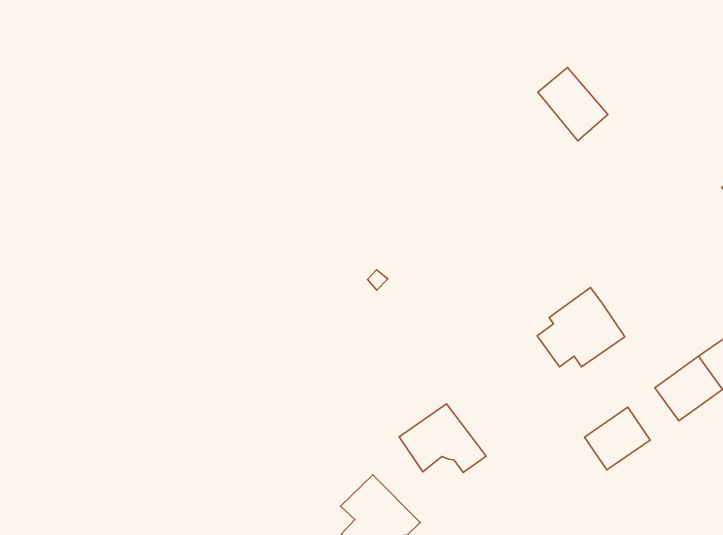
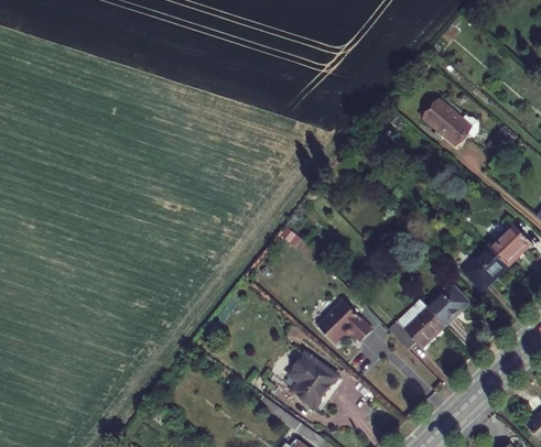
building: [538,68,608,141] -> [424,101,468,144]
building: [537,287,625,367] -> [392,299,445,350]

